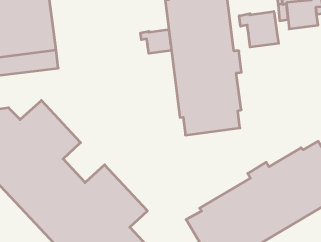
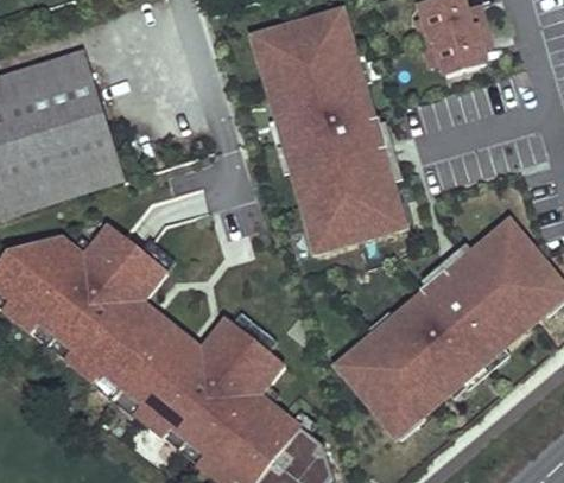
building: [239,11,279,47] -> none
building: [141,29,172,53] -> none

